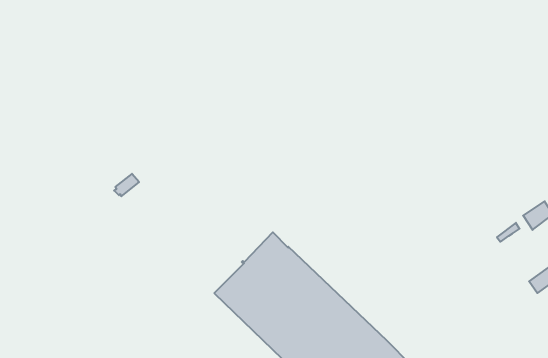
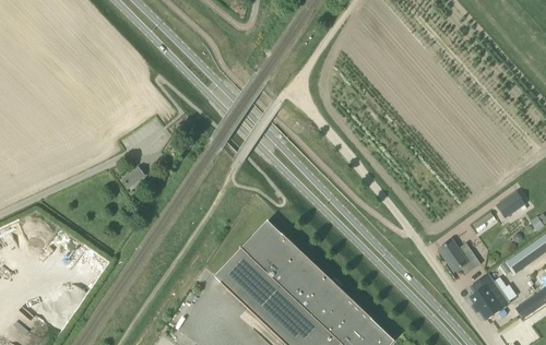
building: none -> [440,240,482,274]
building: none -> [473,275,509,319]

